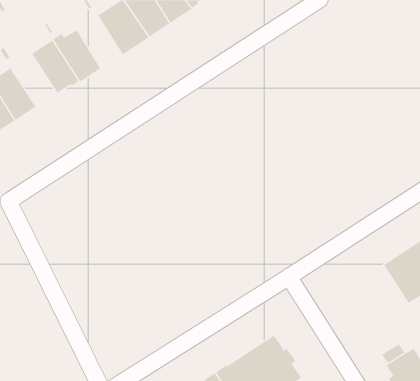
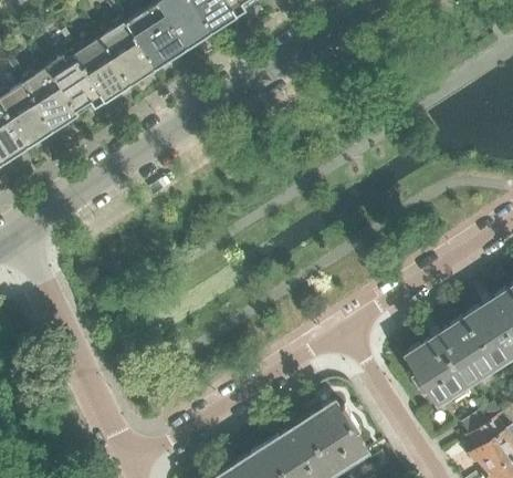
building: none -> [101,19,155,86]
building: none -> [20,70,77,132]
building: none -> [405,319,493,406]

